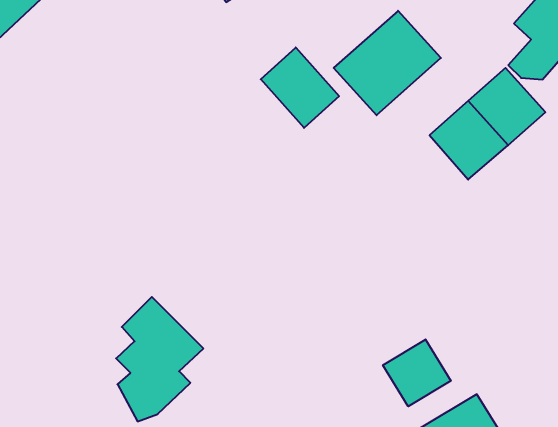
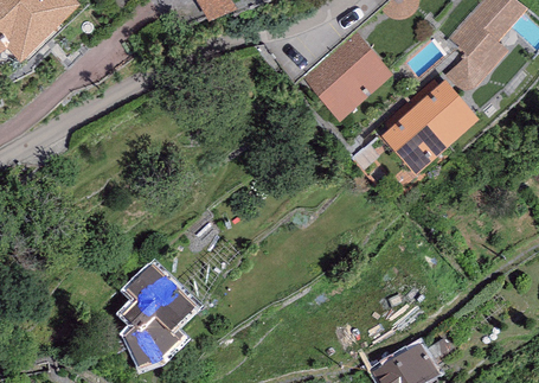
building: [261,47,339,128] -> none
building: [383,339,451,406] -> none

